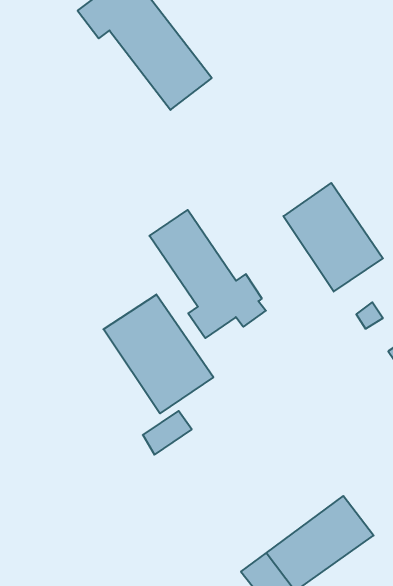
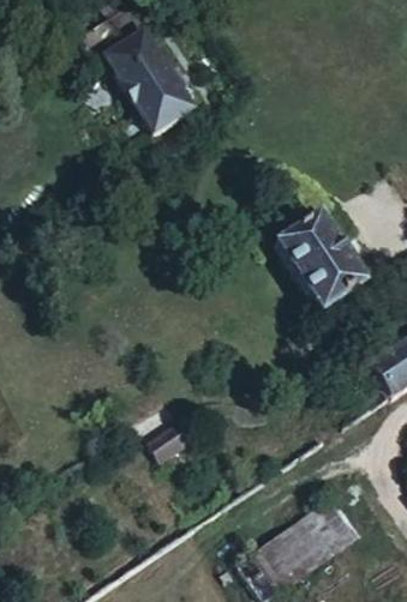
building: [149,210,266,338] -> none
building: [103,294,213,413] -> none

